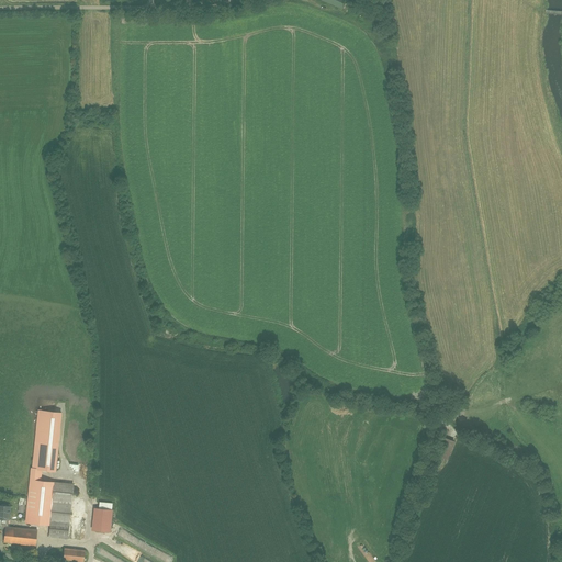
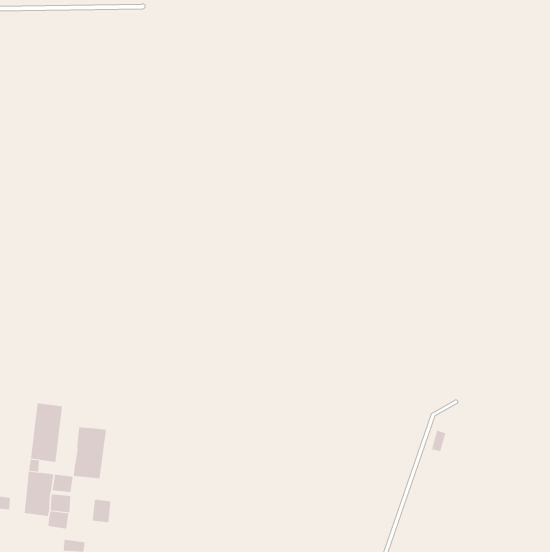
building: none -> [73,426,106,479]
building: [4,527,38,547] -> none

